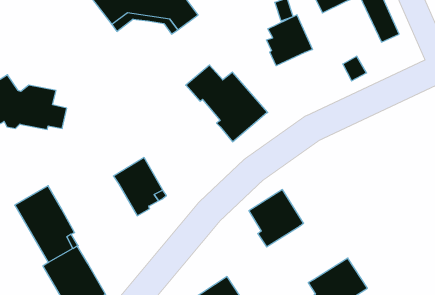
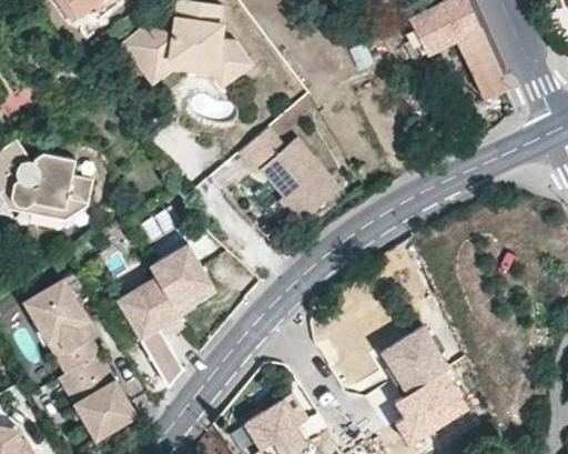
building: [267,15,312,66] -> none
building: none -> [116,276,185,389]
building: [249,190,304,247] -> [379,324,448,396]

